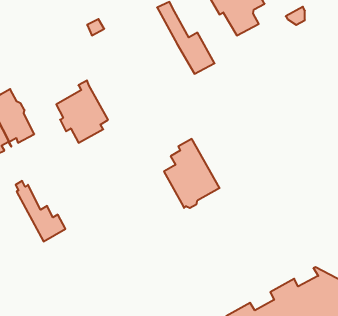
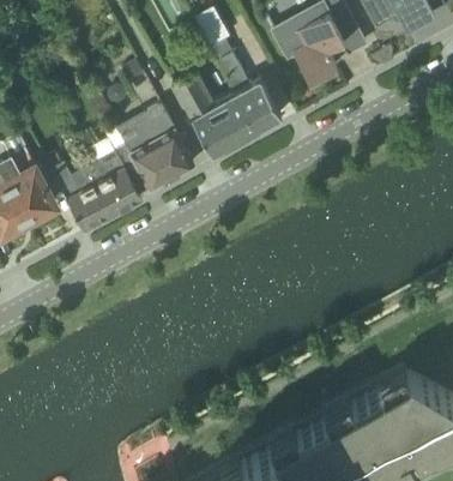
building: none -> [175,73,258,156]
building: [164,139,220,208] -> [126,104,195,191]
building: [16,181,65,241] -> [50,157,113,233]

